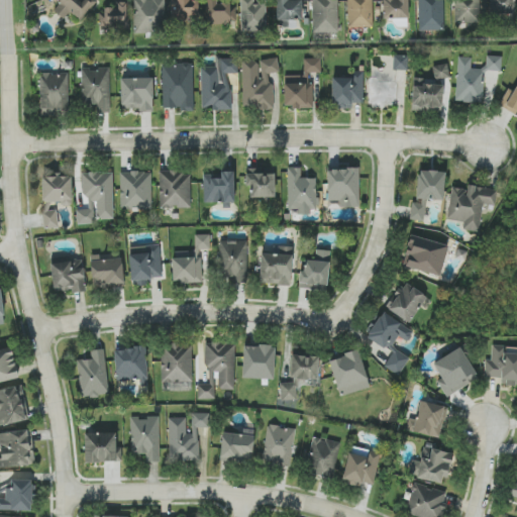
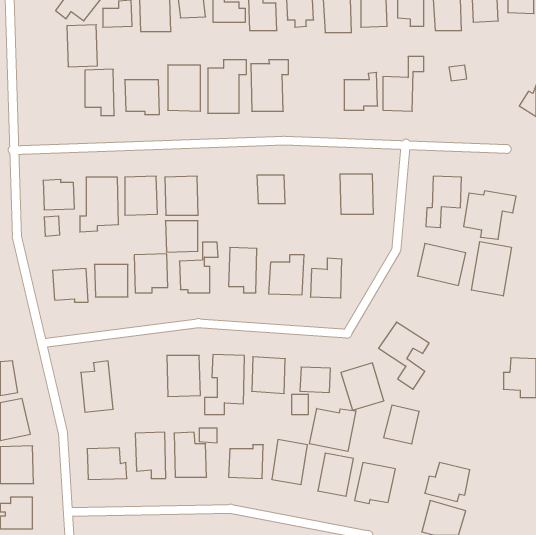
building: [455,55,502,101] -> none
building: [284,57,321,107] -> none
building: [39,72,69,112] -> [67,25,97,67]
building: [411,77,443,111] -> none
building: [287,166,317,212] -> none
building: [203,172,234,202] -> [165,221,198,252]
building: none -> [472,242,511,296]
building: [385,283,431,322] -> none
building: [432,345,479,396] -> none
building: [114,346,147,387] -> none
building: none -> [310,408,356,451]
building: [413,400,447,437] -> [384,405,419,444]

